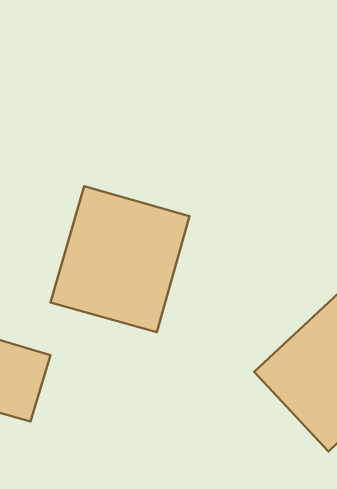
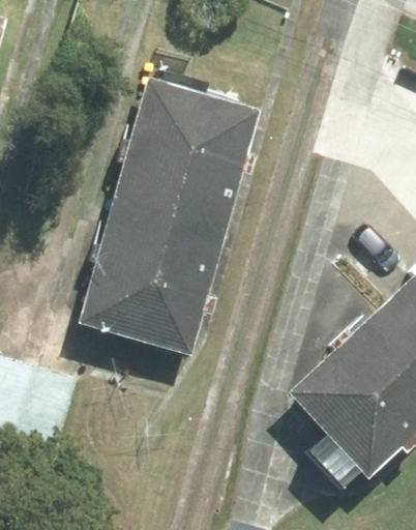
building: none -> [112,82,256,233]

